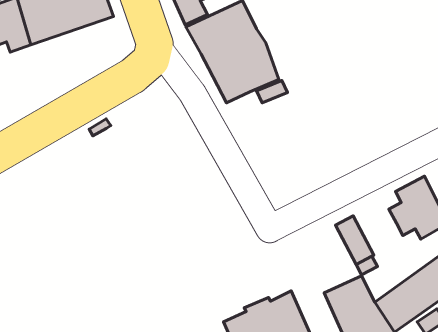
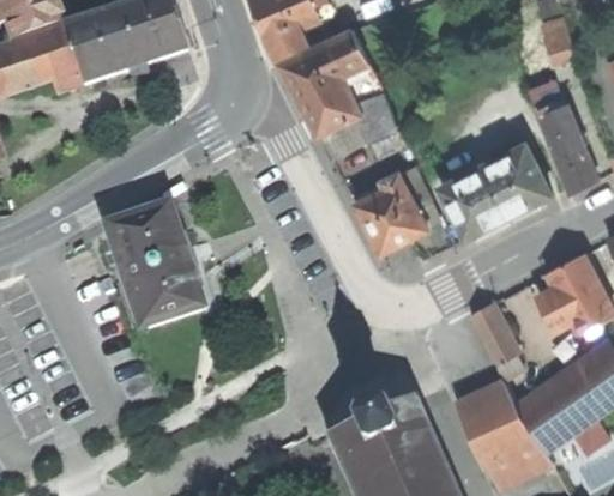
building: none -> [514,35,596,193]
building: none -> [441,144,552,237]
building: none -> [354,171,429,253]
building: none -> [106,204,203,326]

